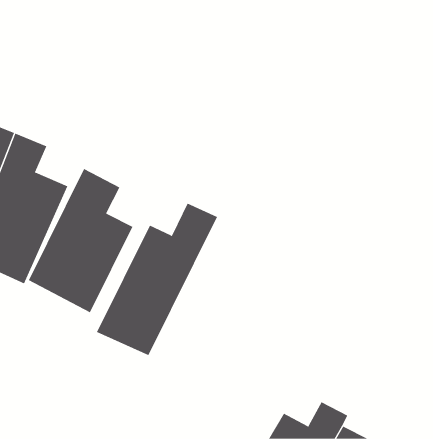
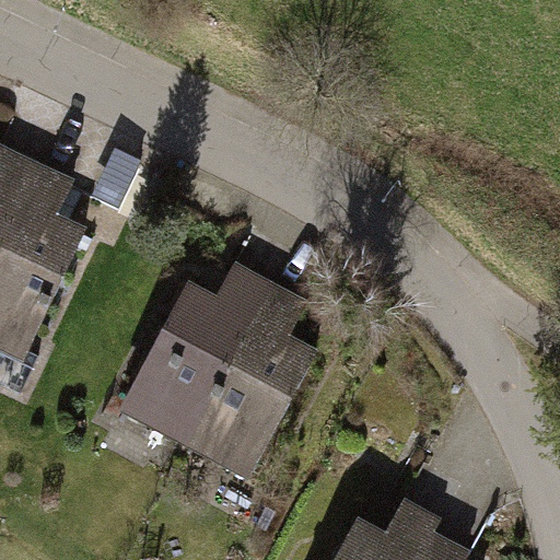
building: [28,168,133,313] -> none
building: none -> [186,271,325,479]

